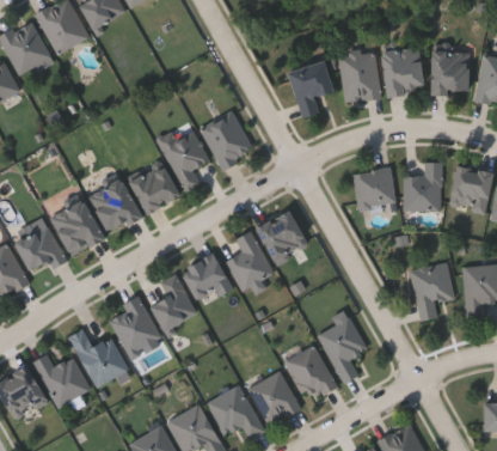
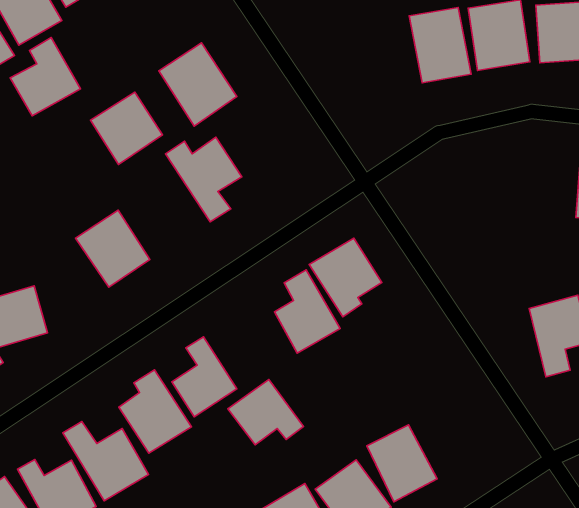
building: none -> [10,37,81,116]
building: [288,61,332,117] -> none
building: [200,110,254,170] -> [159,43,237,126]
building: [128,163,179,214] -> [90,92,163,164]
building: [404,163,442,211] -> none
building: [354,167,395,208] -> none
building: [49,200,104,256] -> none
building: [179,252,233,299] -> [228,379,304,445]
building: [319,310,367,383] -> none

